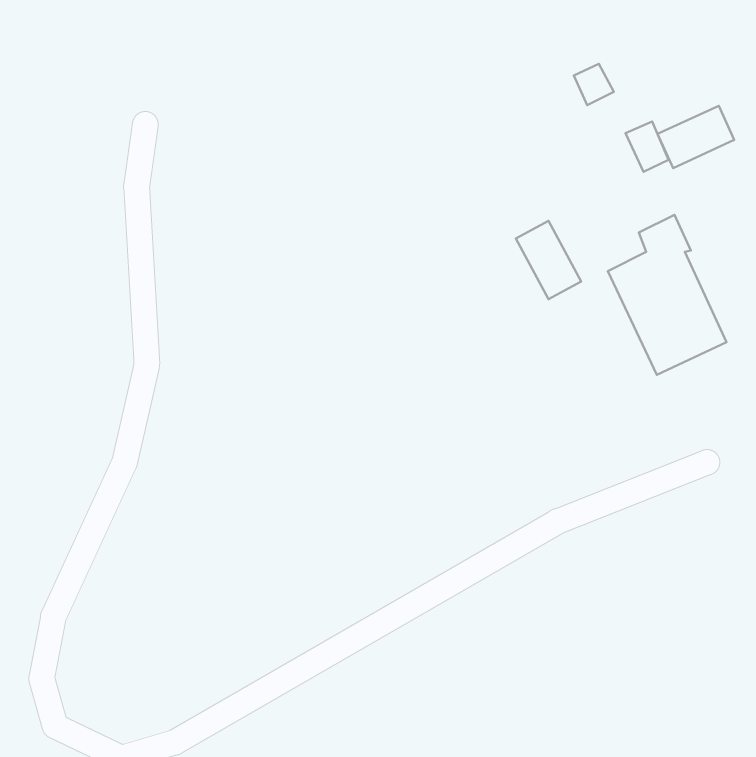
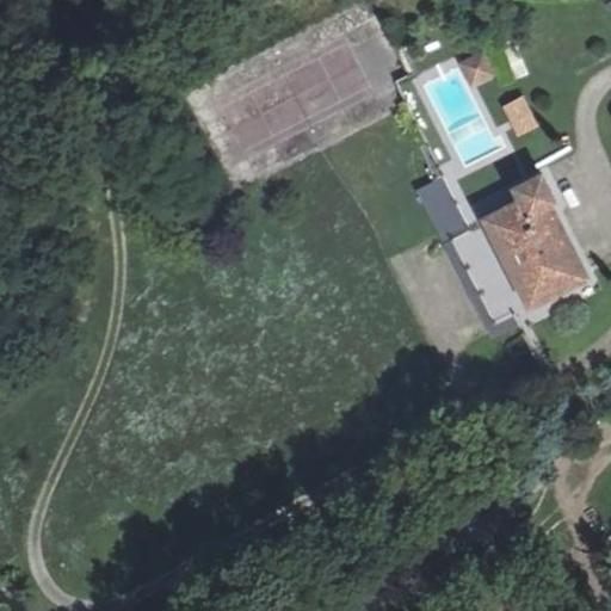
building: [658,106,734,168] -> none
building: none -> [451,218,529,320]

